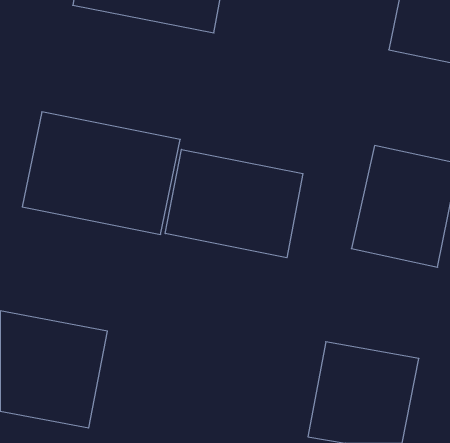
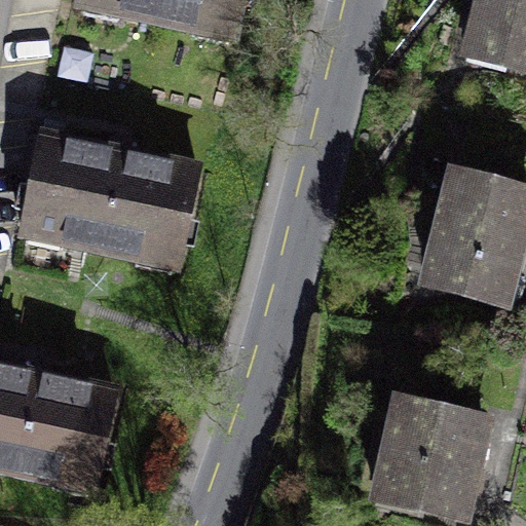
building: [165,149,303,258] -> none

